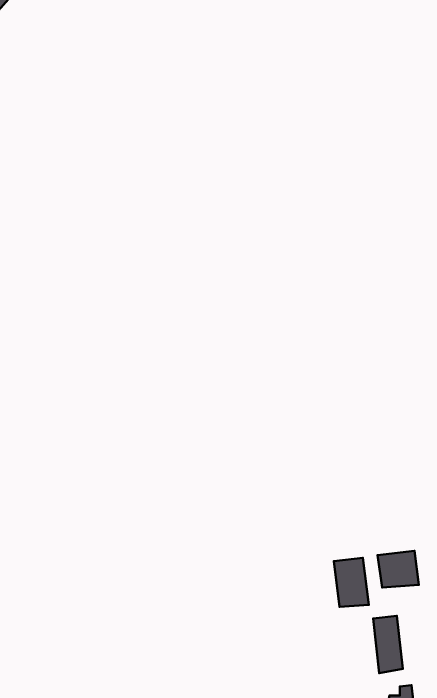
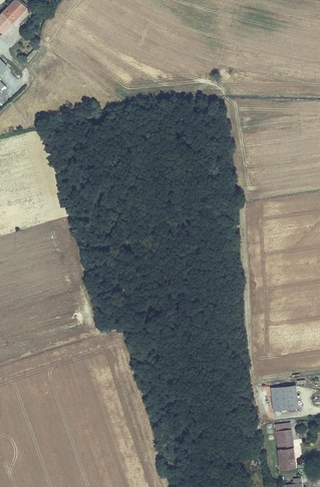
building: [334,558,369,607] -> none

